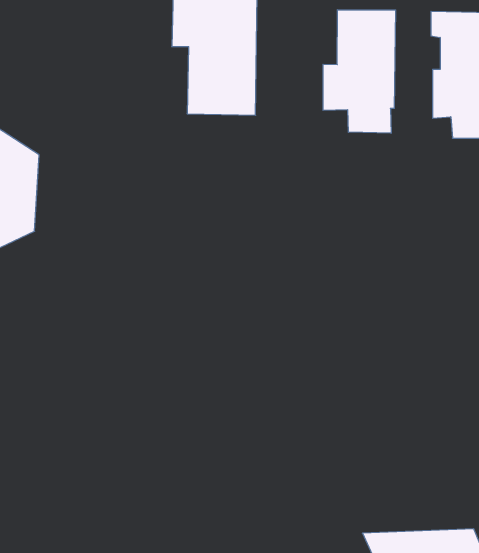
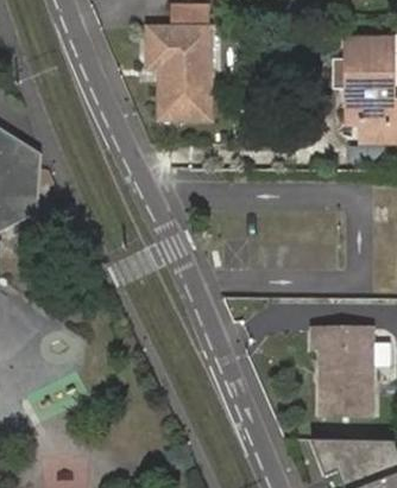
building: [323,10,396,133] -> none
building: none -> [316,327,377,417]

